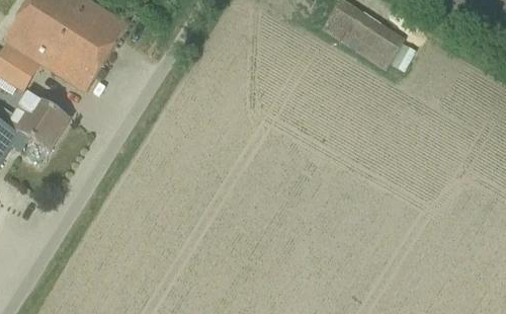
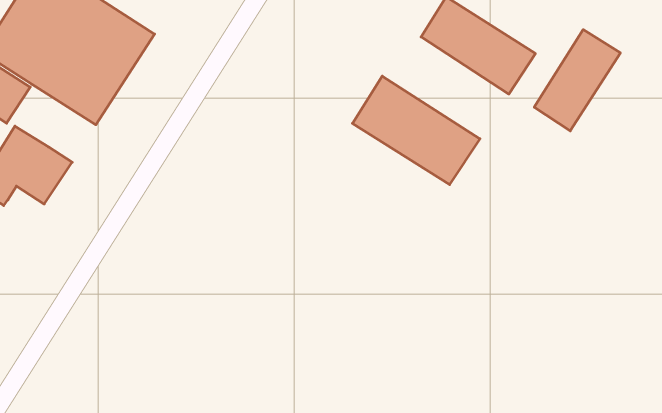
building: none -> [534,30,620,131]
building: none -> [352,76,480,185]

